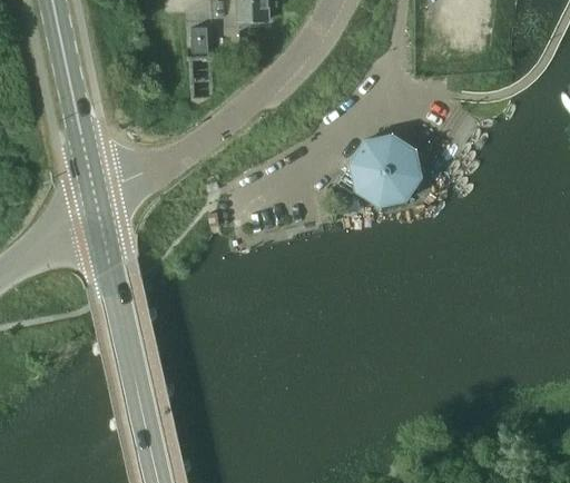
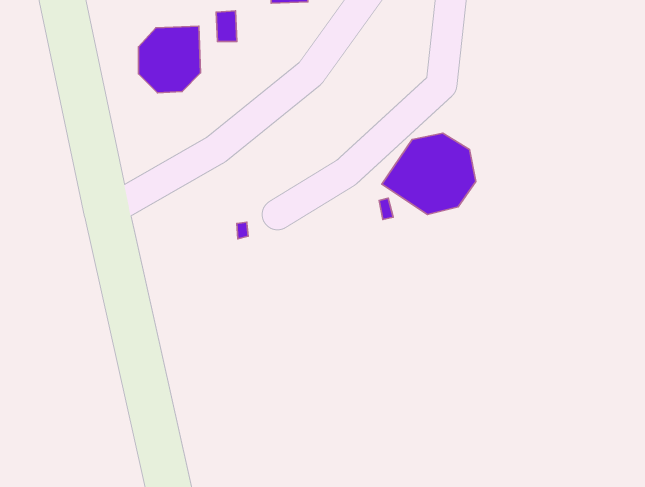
building: none -> [139,26,200,93]

